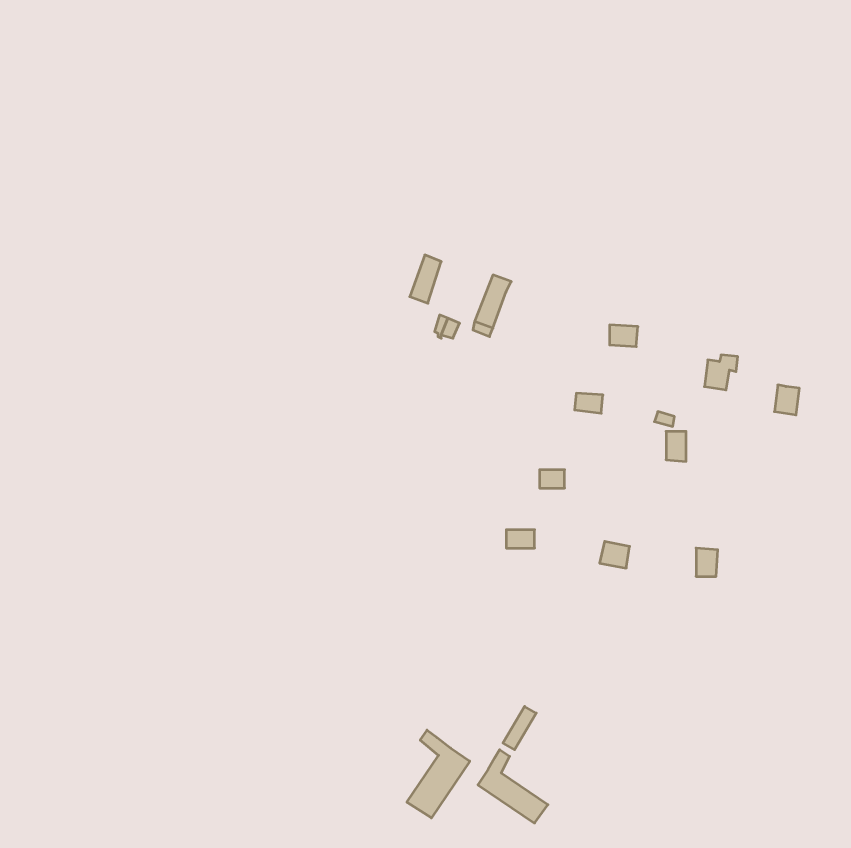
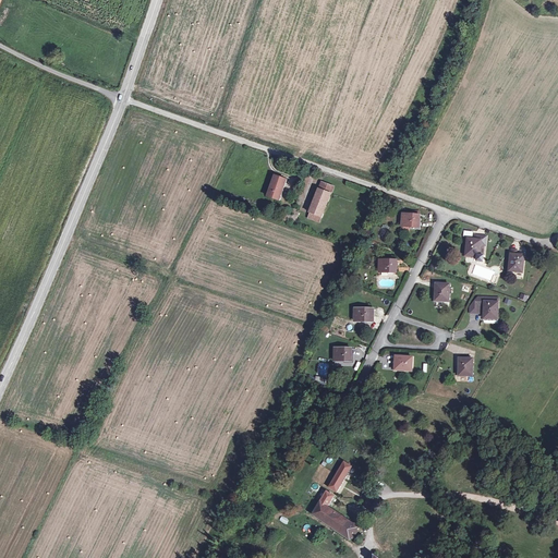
building: none -> [466,298,496,325]
building: [407,730,470,818] -> none

